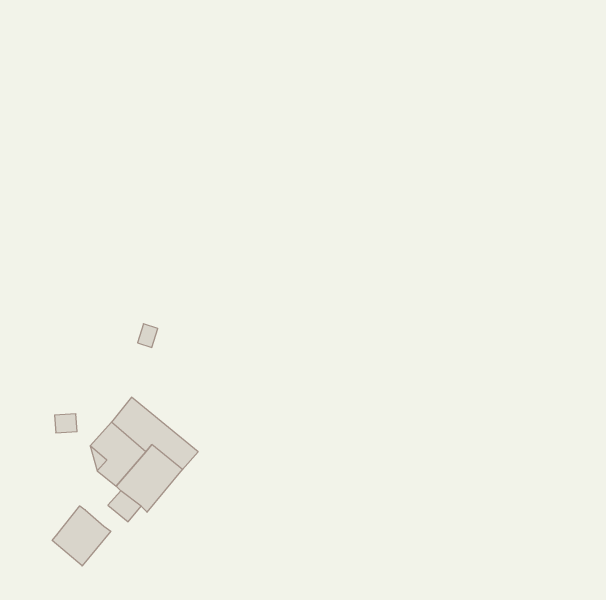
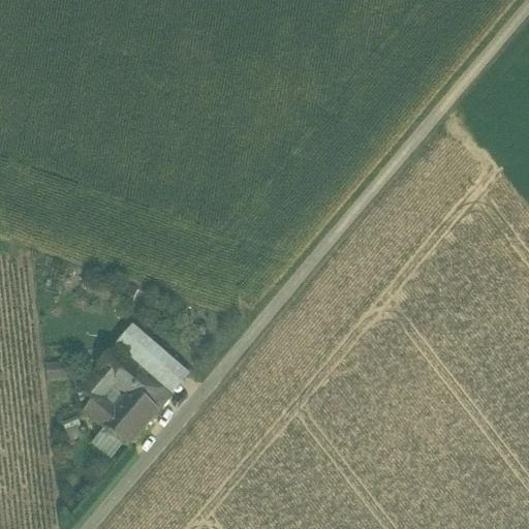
building: none -> [117,324,190,393]
building: [52,506,111,566] -> none

